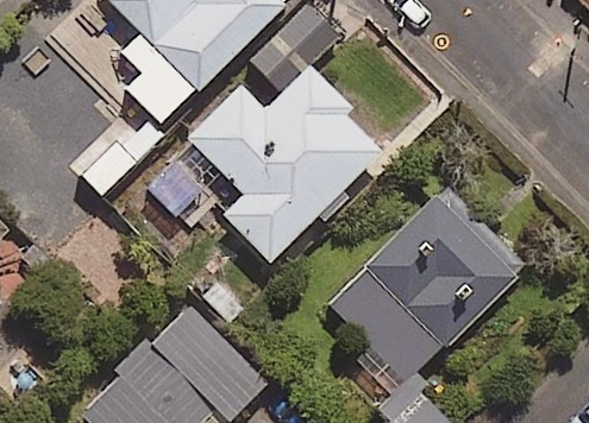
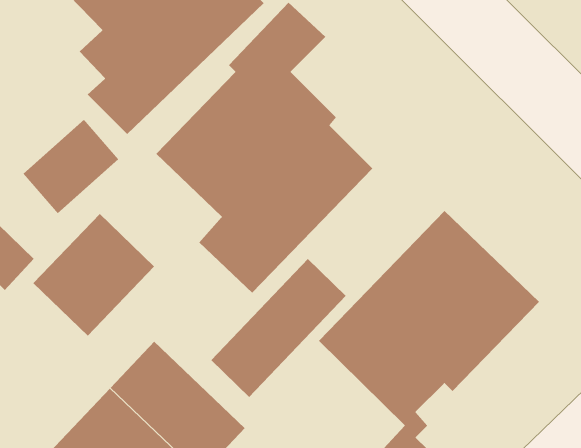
building: none -> [33,213,155,336]
building: none -> [211,258,347,398]

